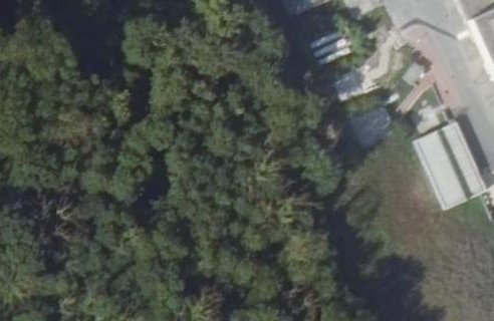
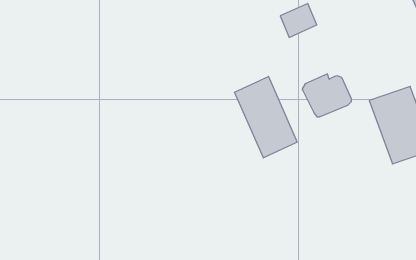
building: none -> [234,76,297,158]

